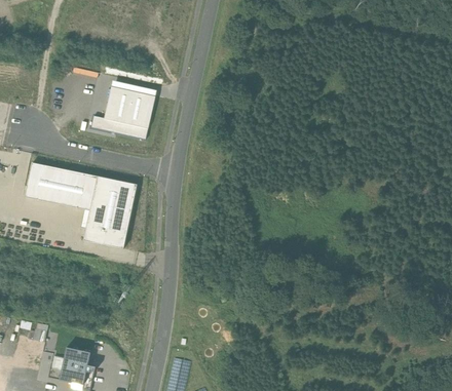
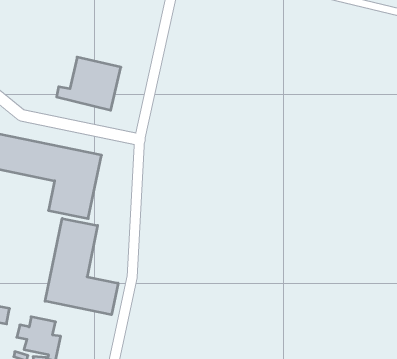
building: none -> [45,218,118,315]

